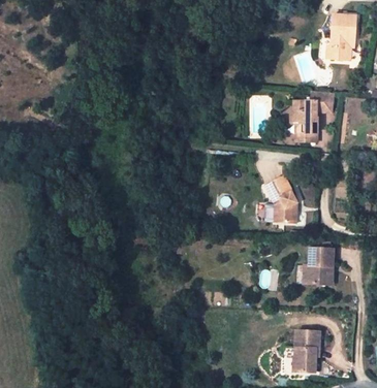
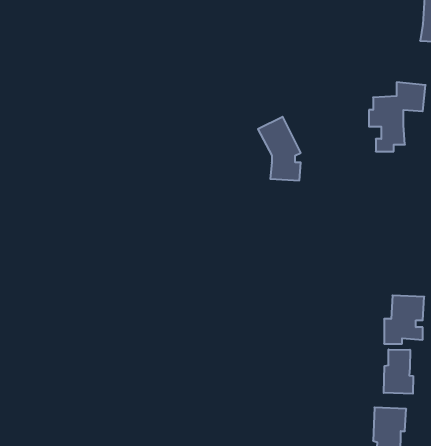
building: [264,176,296,224] -> [258,117,301,180]
building: none -> [384,349,413,394]

